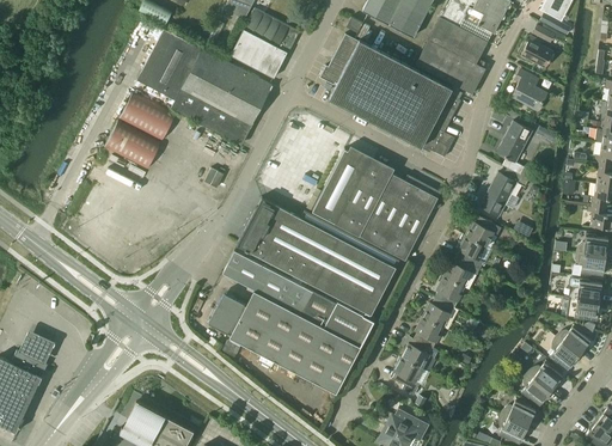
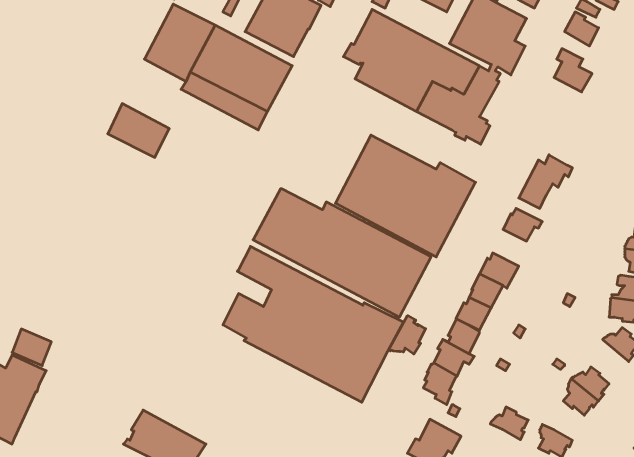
building: [118,92,176,142] -> none
building: [496,121,532,177] -> none
building: [455,236,486,269] -> none
building: none -> [388,316,426,354]
building: [549,336,580,369] -> none
building: [501,398,536,428] -> [490,407,528,440]

